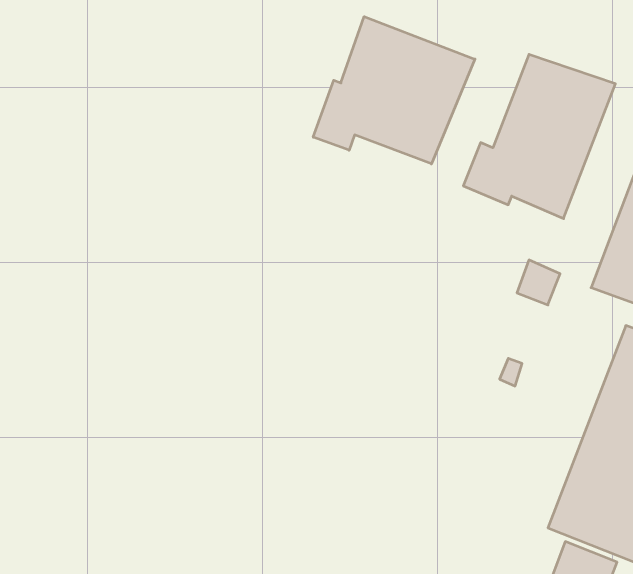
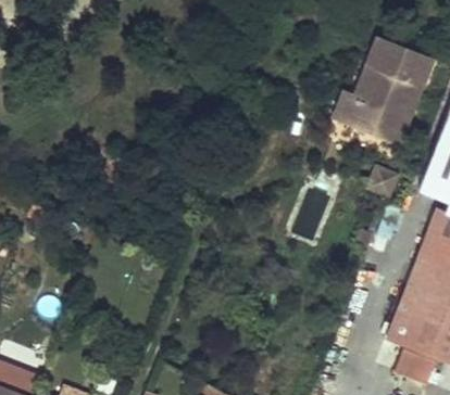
building: [313,17,475,164] -> none

